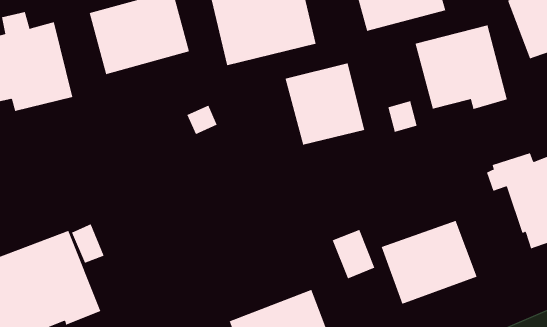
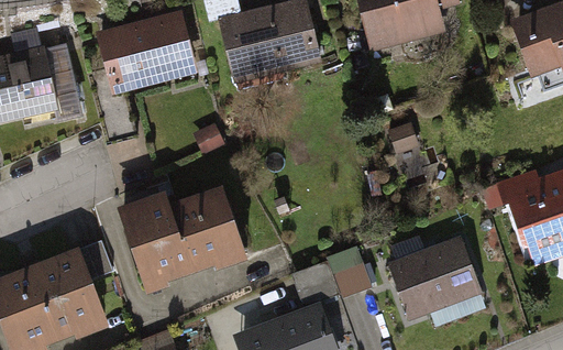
building: [415,24,507,110] -> none
building: [285,63,365,145] -> none
building: none -> [113,188,247,297]

